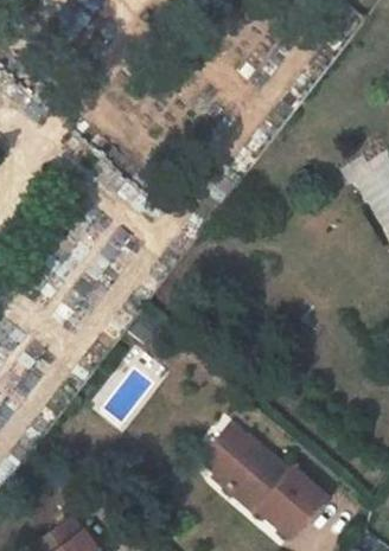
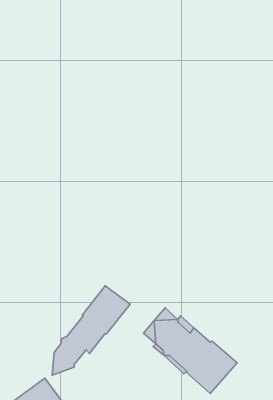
building: none -> [52,286,130,375]

